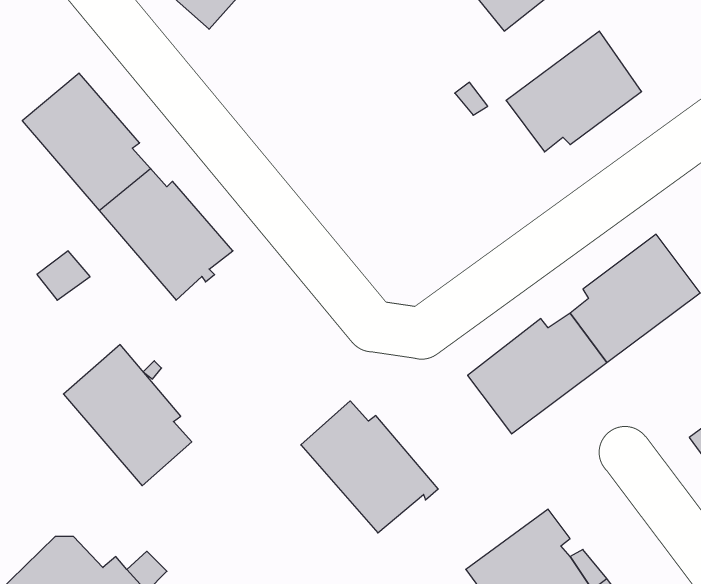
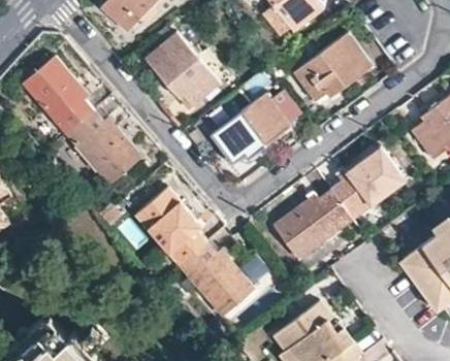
building: none -> [146,32,228,107]
building: none -> [212,94,292,163]
building: [63,345,192,486] -> [135,187,207,266]

